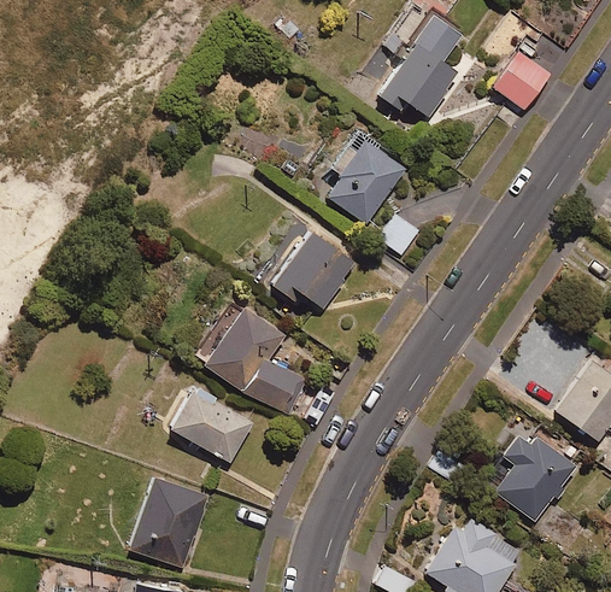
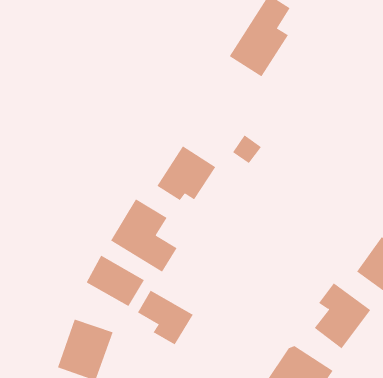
building: [490,48,551,109] -> none
building: [325,129,406,225] -> none
building: none -> [137,290,193,345]

